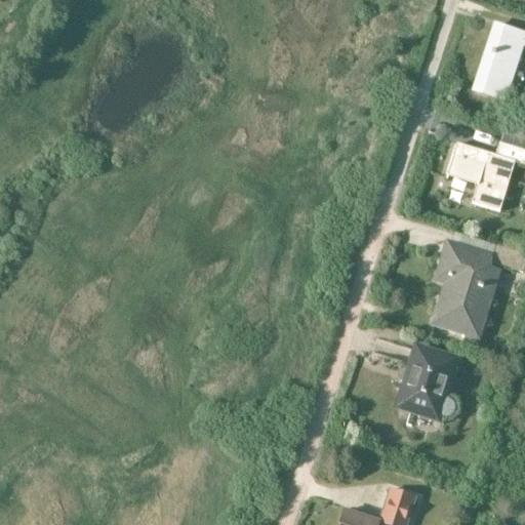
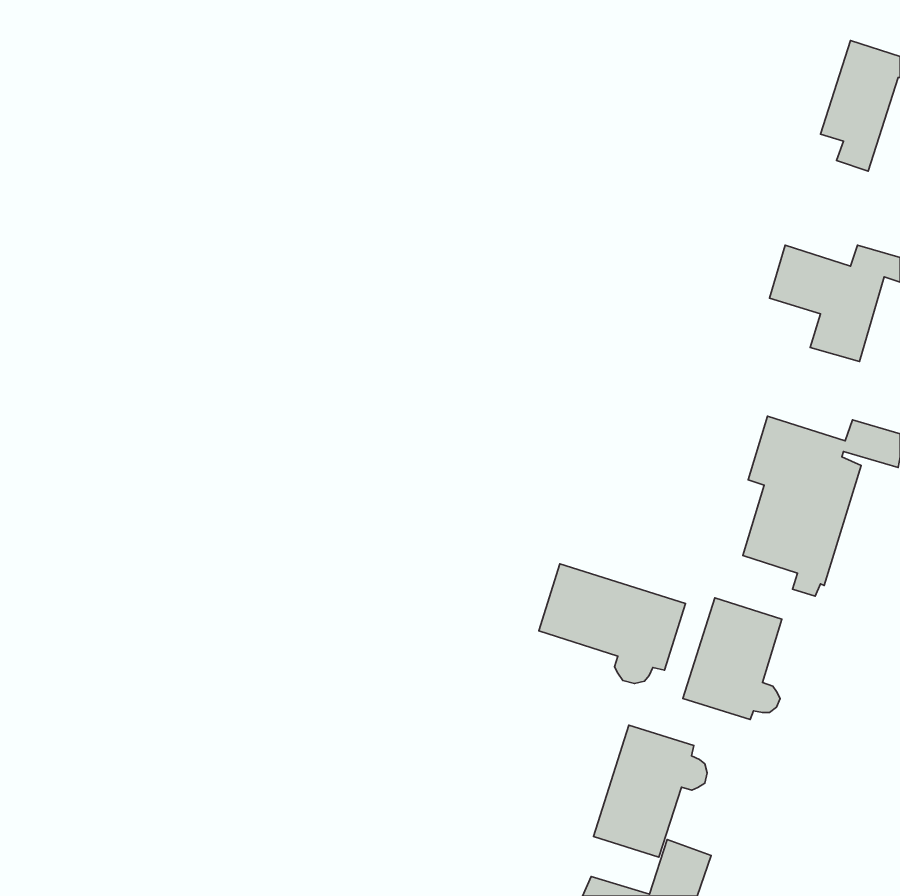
building: none -> [539,564,686,683]
building: none -> [593,725,707,857]

